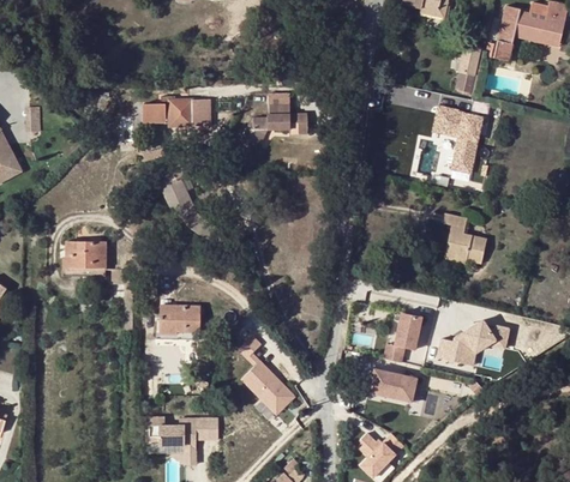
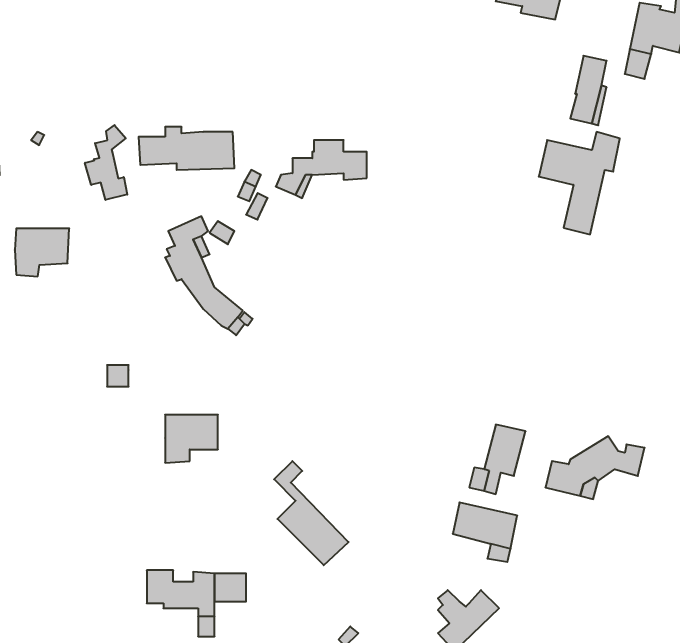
building: none -> [85,125,127,200]
building: [443,213,487,264] -> none
building: [65,241,104,276] -> [15,228,69,276]

